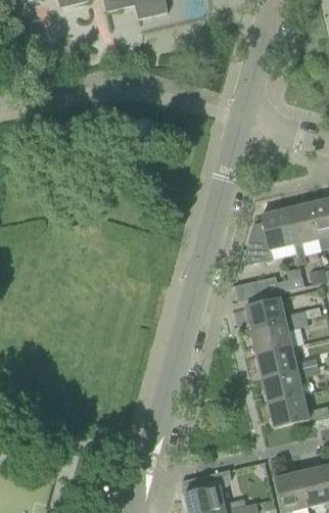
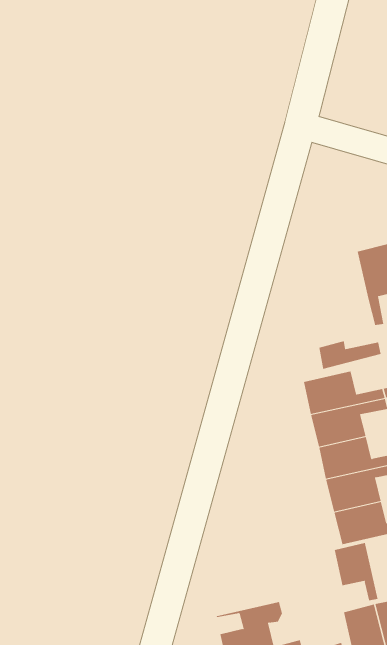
building: [245,207,293,264] -> none
building: none -> [334,542,378,601]

